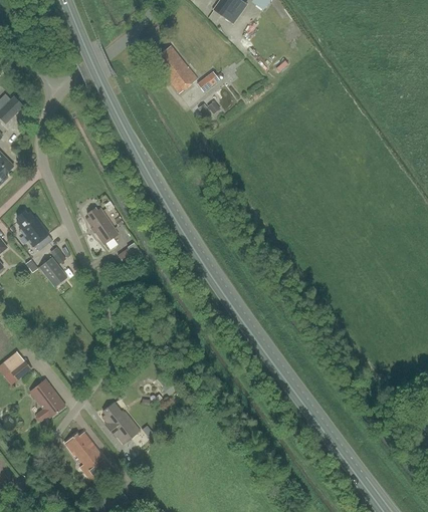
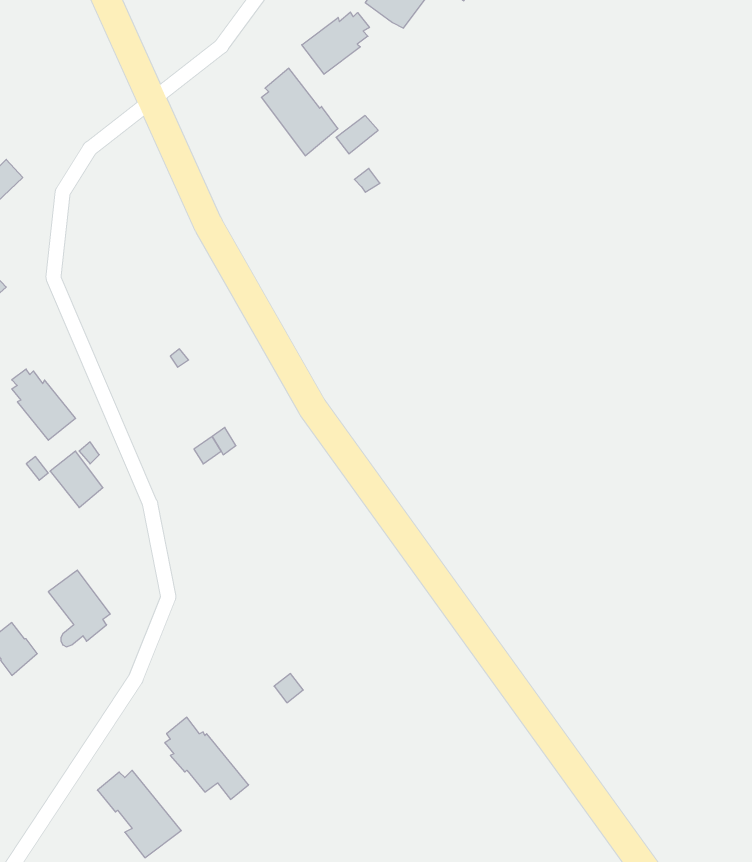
building: none -> [302,12,369,74]
building: [85,207,119,244] -> none
building: [29,378,63,421] -> [48,570,110,647]

